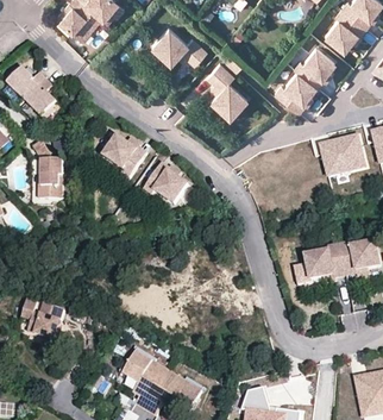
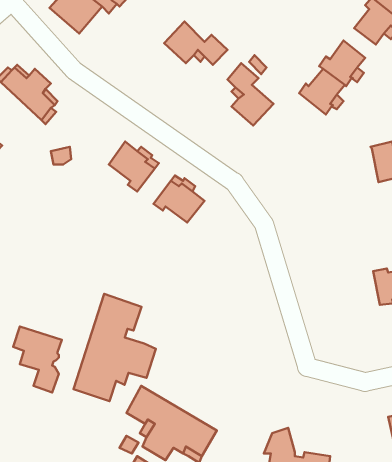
building: [36,138,71,198] -> none
building: [318,139,343,175] -> none
building: [304,247,344,281] -> none
building: none -> [74,294,156,401]

